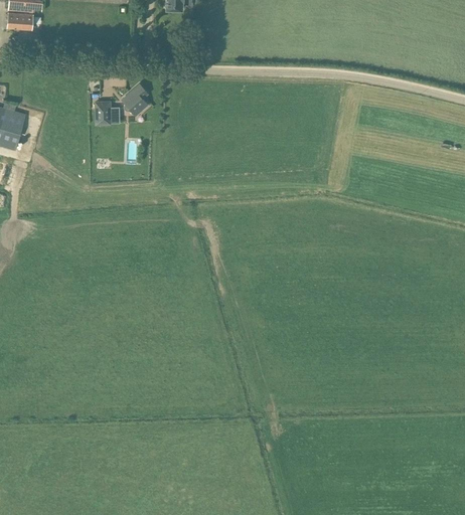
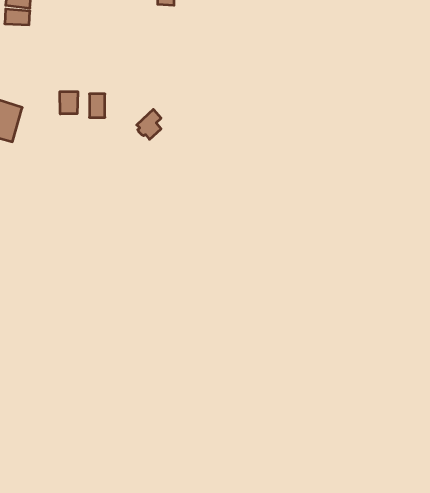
building: [123,83,148,115] -> [137,109,161,139]
building: none -> [60,92,78,114]

